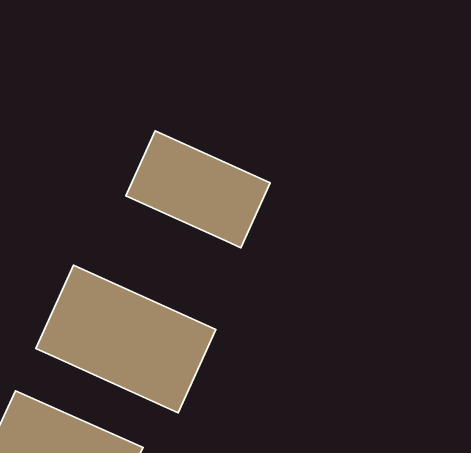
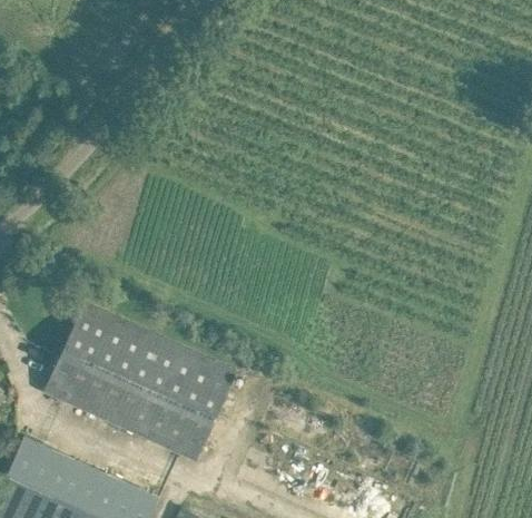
building: [126,131,270,248] -> none

